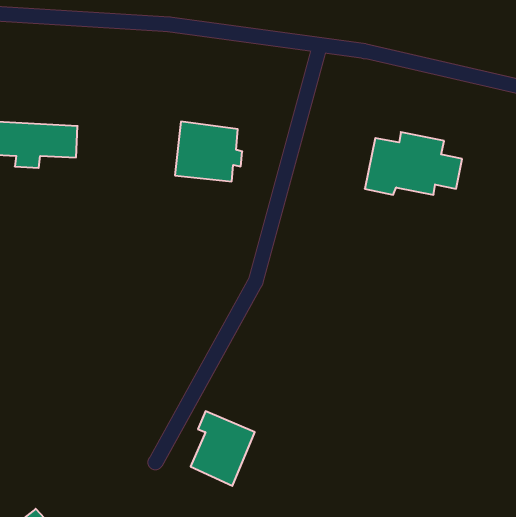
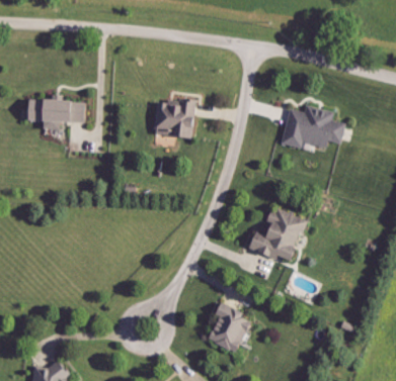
building: none -> [247,206,306,262]
building: [191,411,255,486] -> [210,303,253,354]

